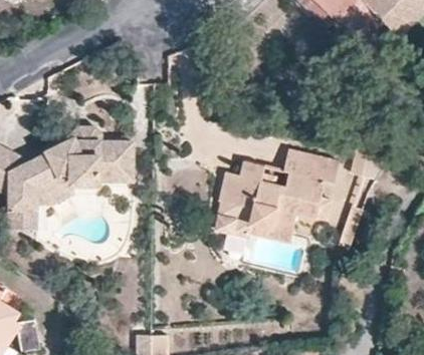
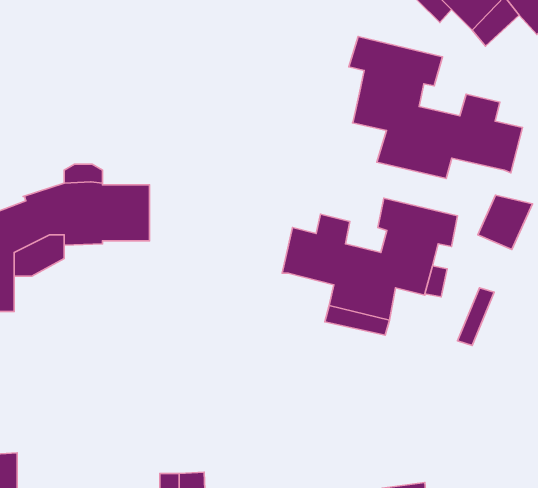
building: none -> [349,36,522,179]
building: [218,200,255,233] -> none

